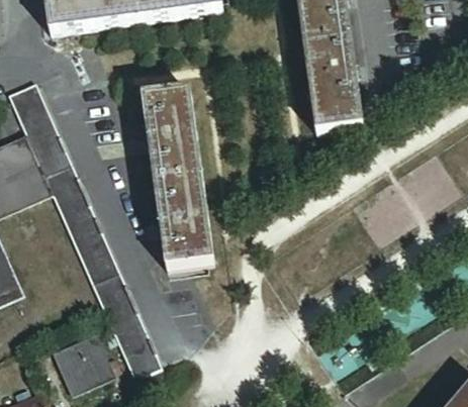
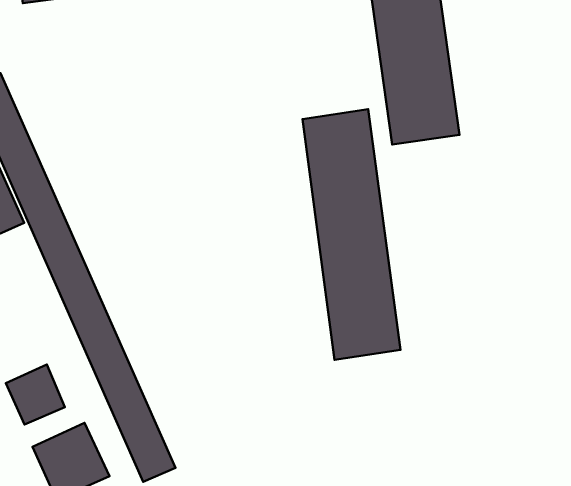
building: [143,90,213,271] -> [302,109,400,360]
building: none -> [6,365,65,425]

